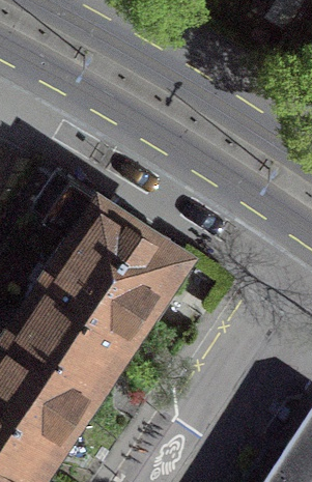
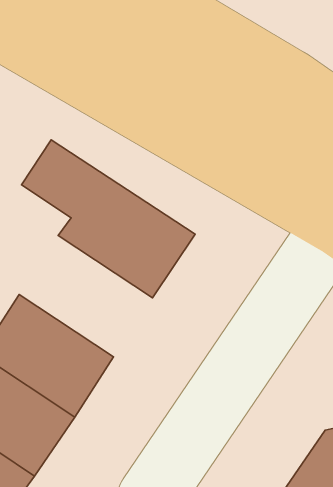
building: [36,252,163,361] -> none

